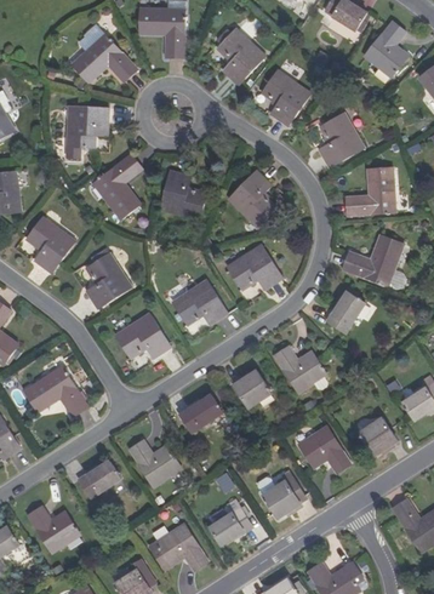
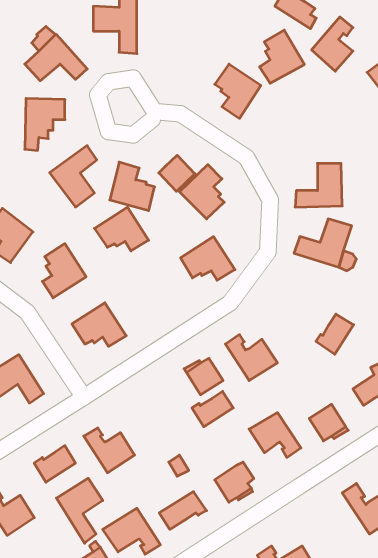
building: [219,27,267,84] -> none
building: [318,109,364,164] -> [260,30,304,83]
building: none -> [159,155,195,191]
building: [171,281,227,326] -> [94,207,149,251]
building: [326,290,365,331] -> [316,314,354,354]
building: [178,395,221,432] -> [192,391,233,427]
building: none -> [56,478,103,543]

